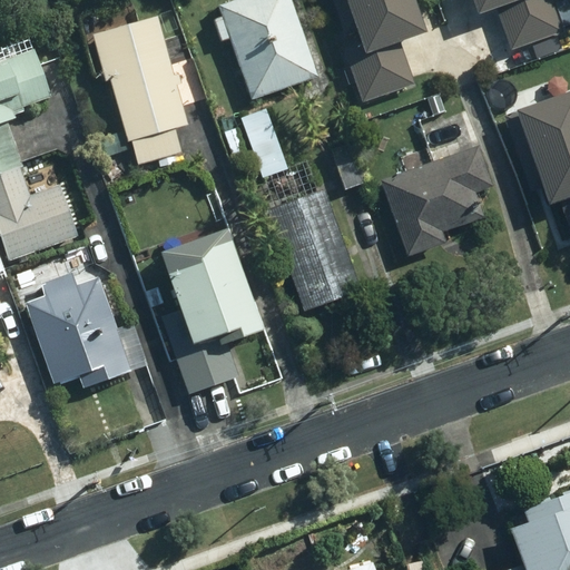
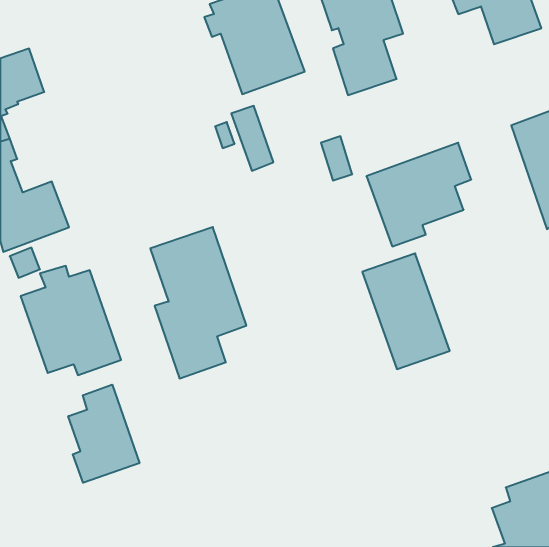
building: [94,18,185,164] -> none
building: [267,190,357,309] -> [362,253,450,369]
building: none -> [68,385,139,483]

